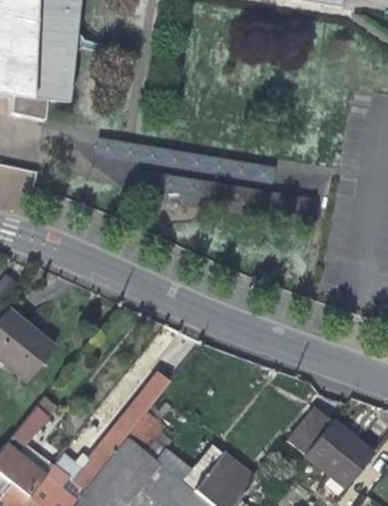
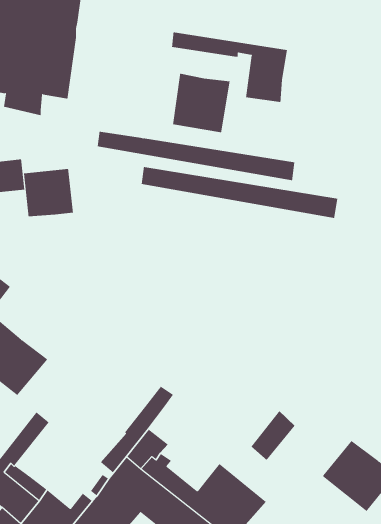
building: none -> [171,31,287,103]
building: none -> [172,73,230,133]
building: none -> [23,168,74,217]
building: [290,406,331,452] -> [250,410,296,461]

